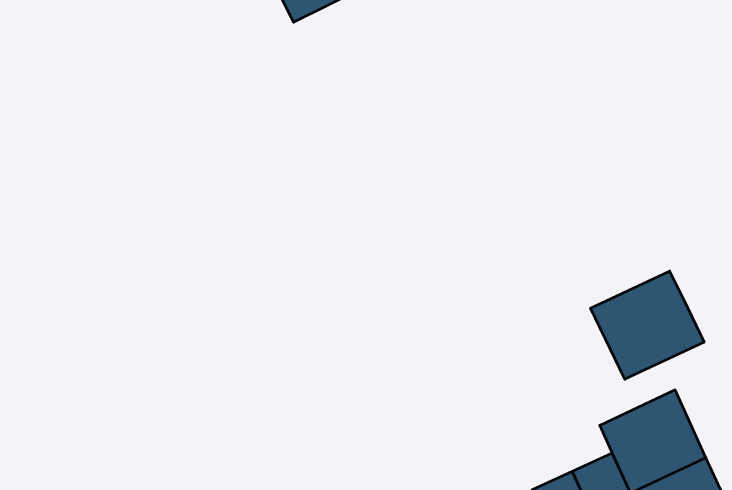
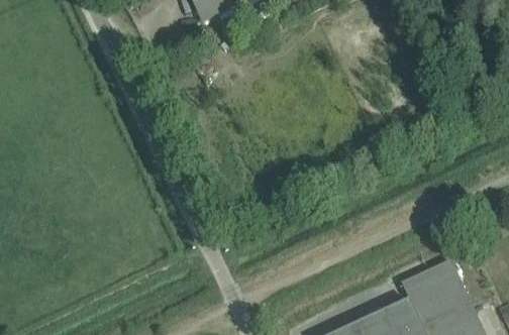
building: [591,271,704,379] -> none

